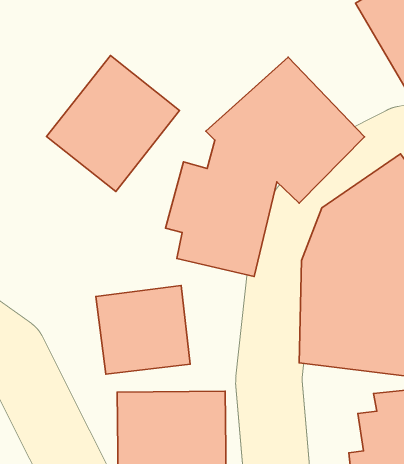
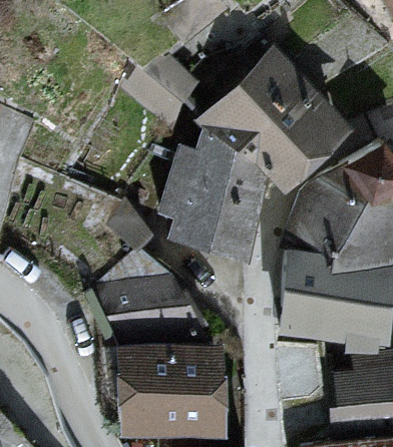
building: [46,56,180,191] -> none

